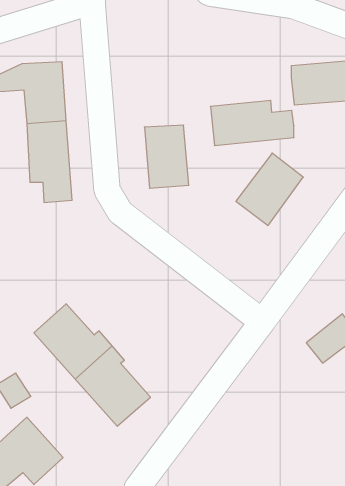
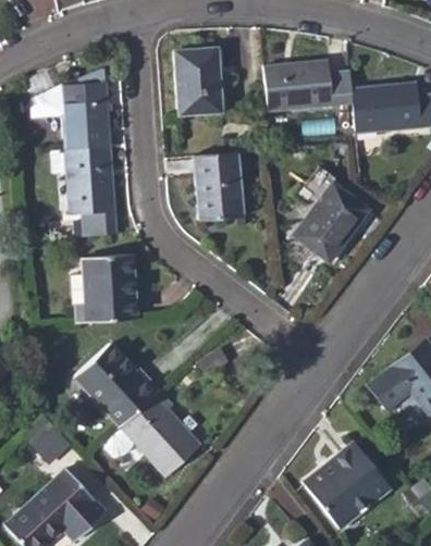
building: none -> [174,47,221,113]
building: [210,100,294,146] -> [262,60,353,109]
building: none -> [76,255,135,323]
building: none -> [303,442,392,529]

